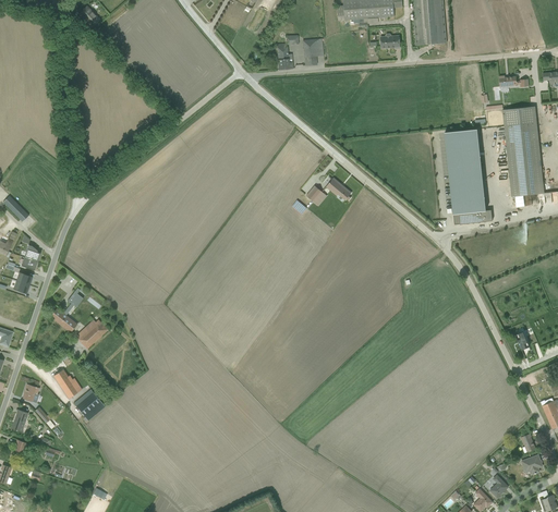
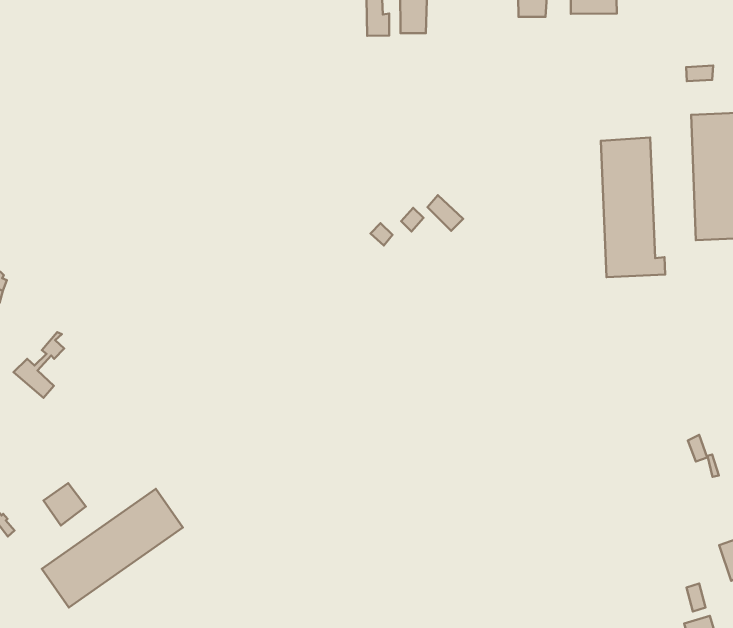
building: [75,318,108,349] -> none
building: [52,364,81,398] -> none
building: none -> [42,489,183,607]

